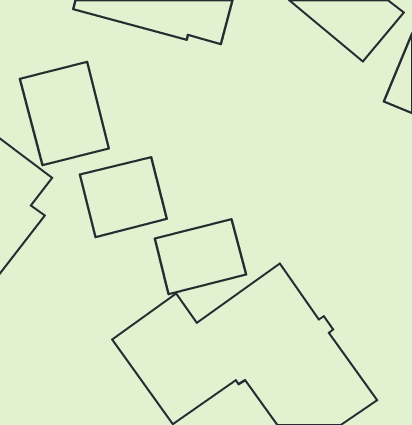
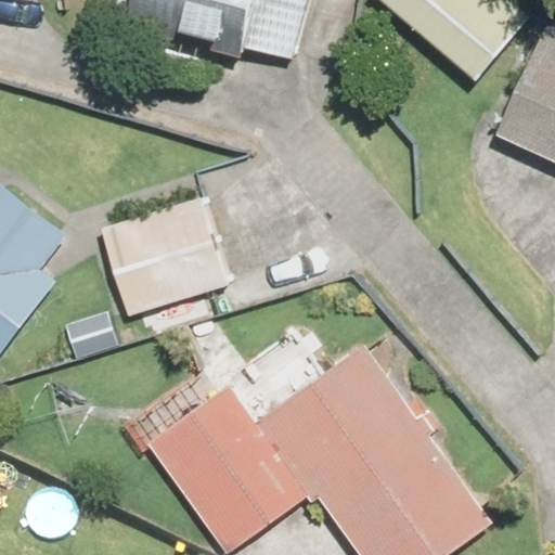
building: [20,62,109,165] -> none
building: [155,219,246,294] -> none

